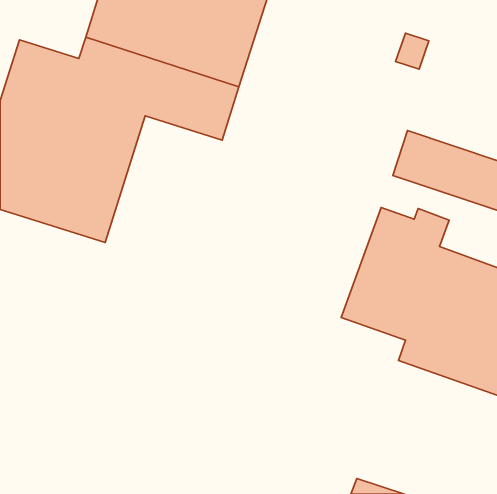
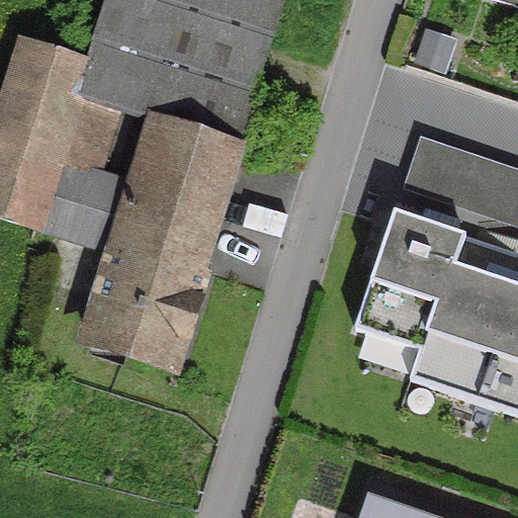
building: none -> [83,120,235,365]

